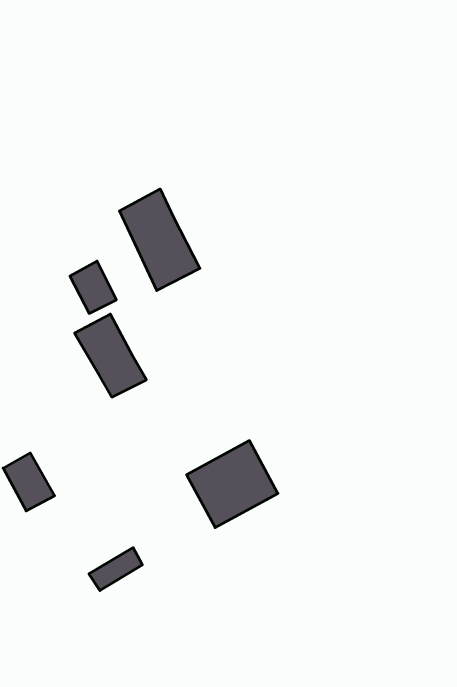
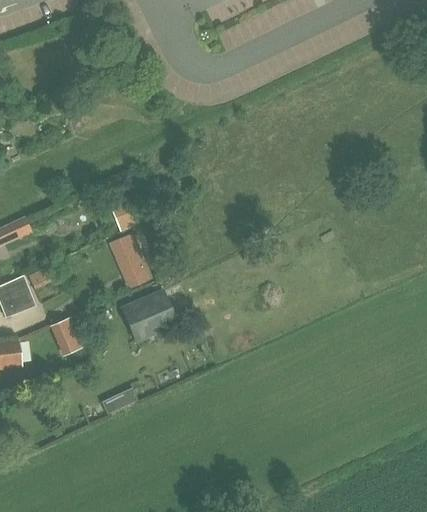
building: [119,189,200,291] -> none
building: [187,441,278,528] -> [119,288,178,343]

